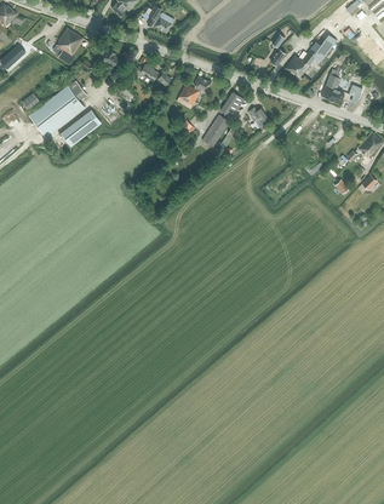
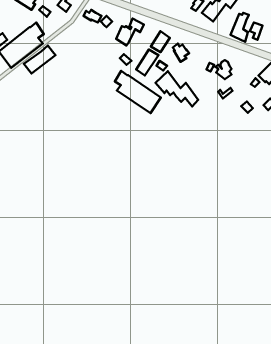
building: none -> [115,71,161,113]
building: none -> [156,71,198,106]

